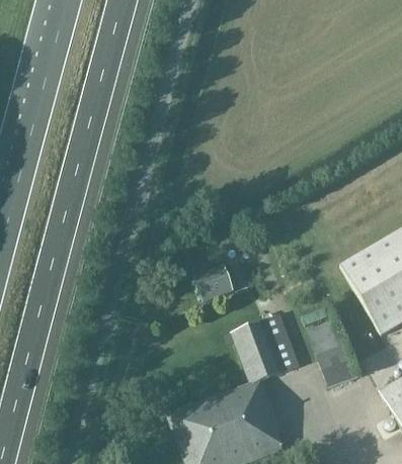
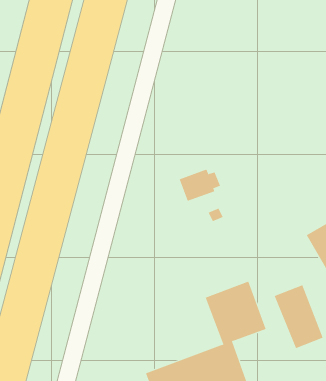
building: [193,265,239,300] -> [179,169,221,202]

